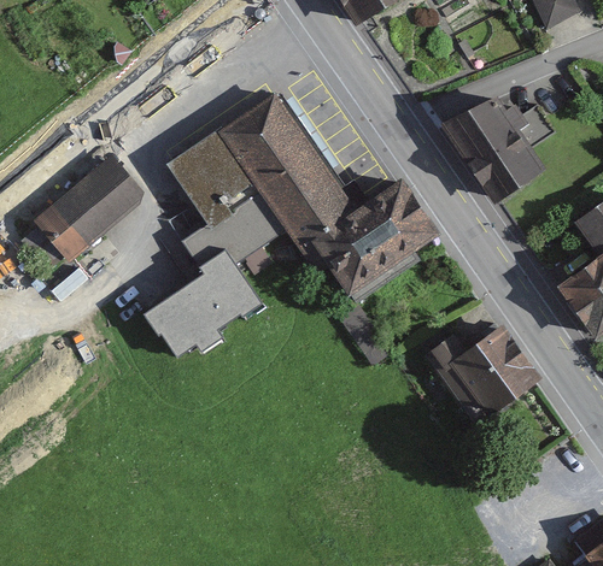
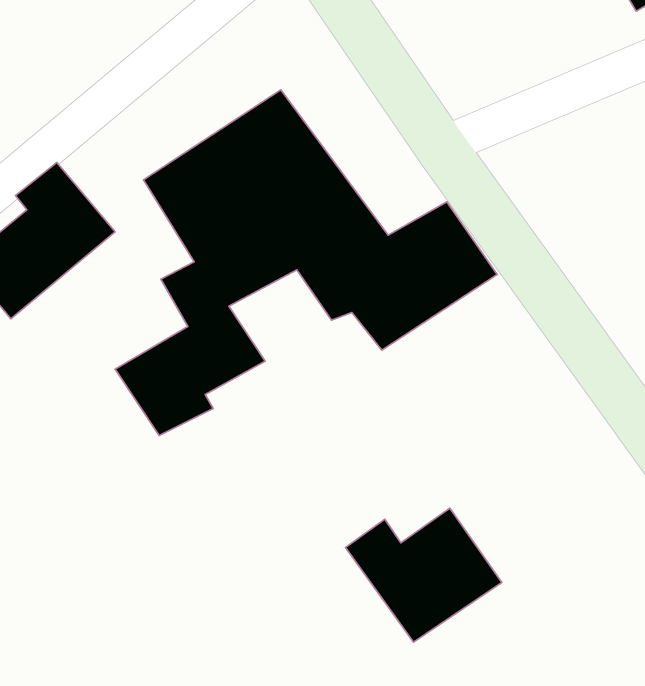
building: [451,99,544,199] -> none
building: [422,329,541,431] -> [346,508,502,642]

